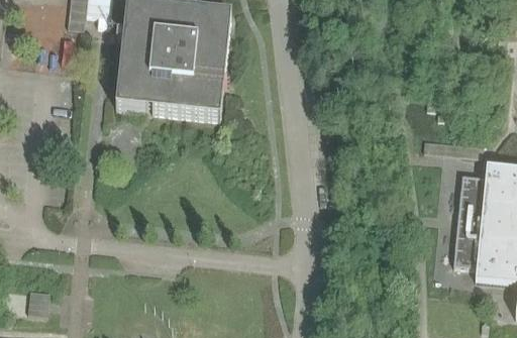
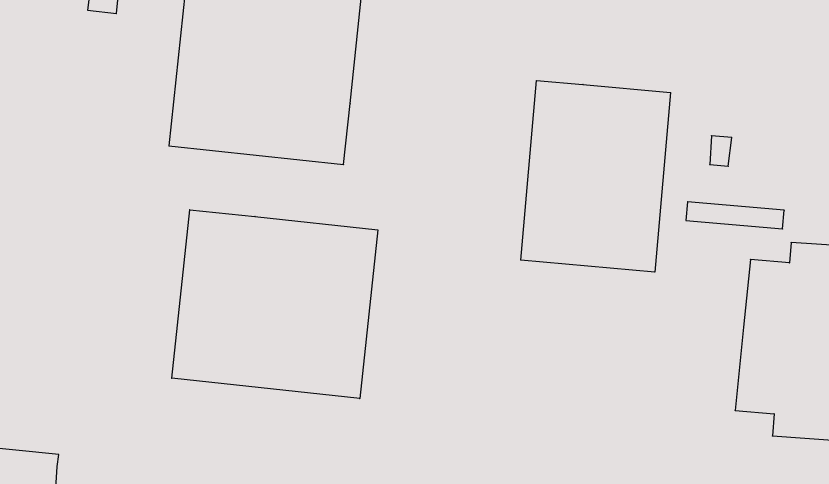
building: none -> [521,81,671,272]
building: none -> [172,210,378,399]

